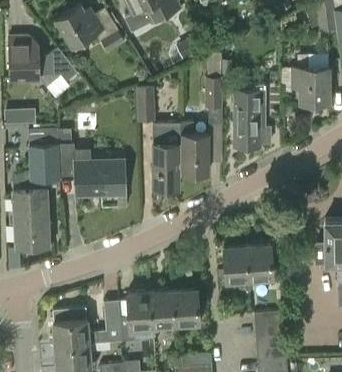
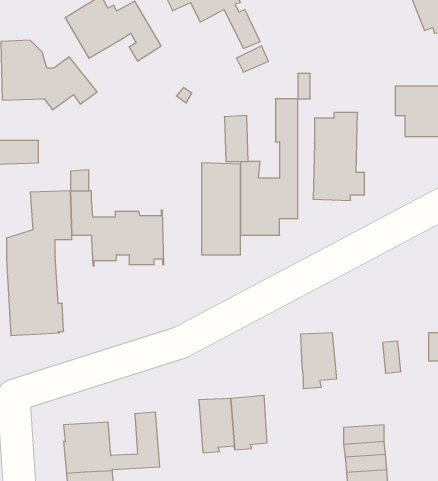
building: [136,86,153,119] -> [224,115,248,161]
building: [246,243,272,284] -> none
building: [119,293,153,341] -> none

